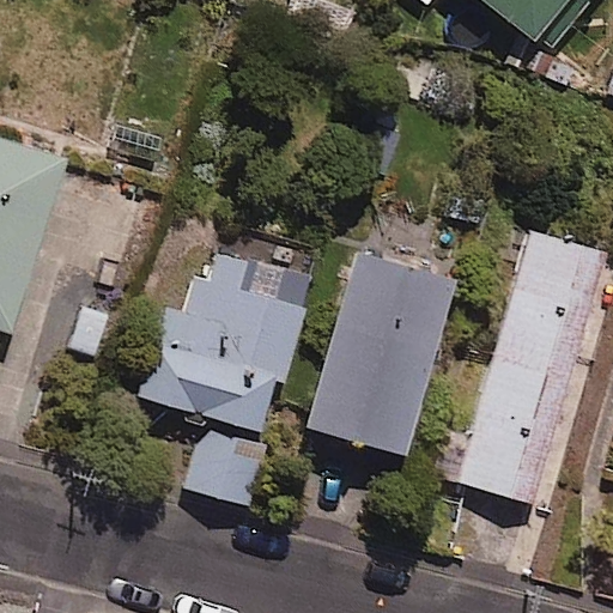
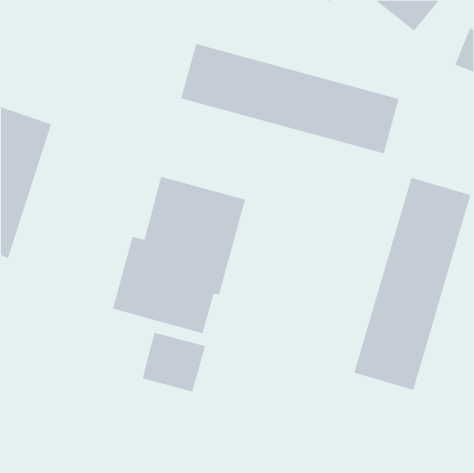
building: none -> [181,43,399,154]
building: [308,255,455,456] -> none

